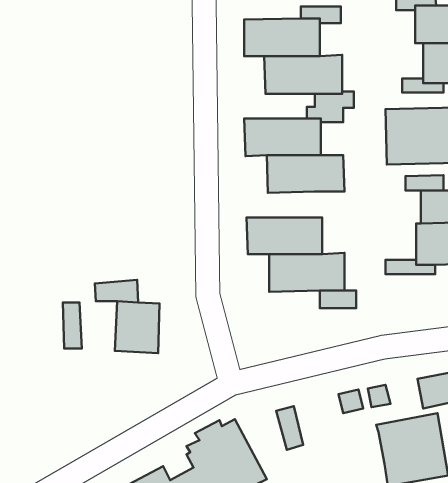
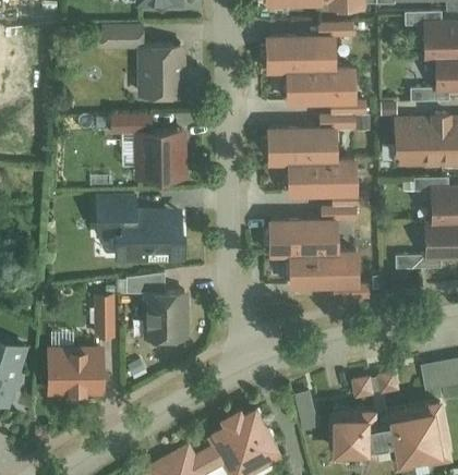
building: none -> [96,27,184,99]
building: none -> [105,113,184,182]
building: none -> [321,193,367,222]
building: none -> [95,195,183,261]
building: none -> [46,352,103,393]
building: none -> [328,404,395,454]

